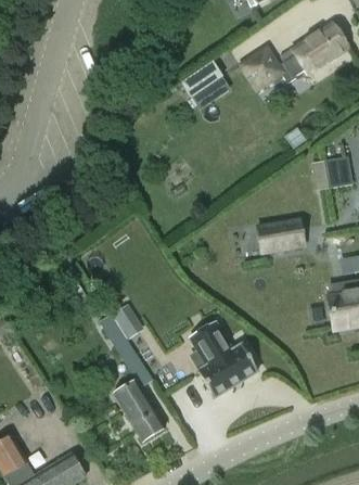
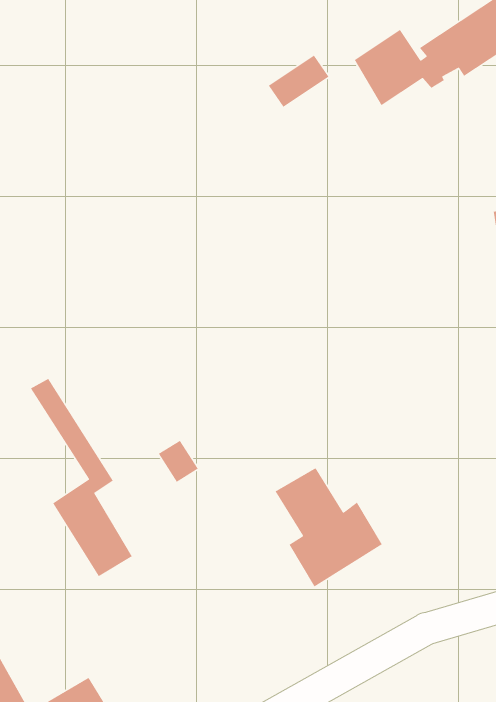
building: [257,220,305,253] -> none
building: [99,315,164,441] -> [30,378,133,577]

